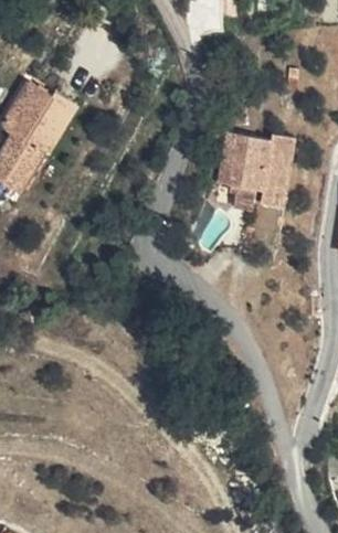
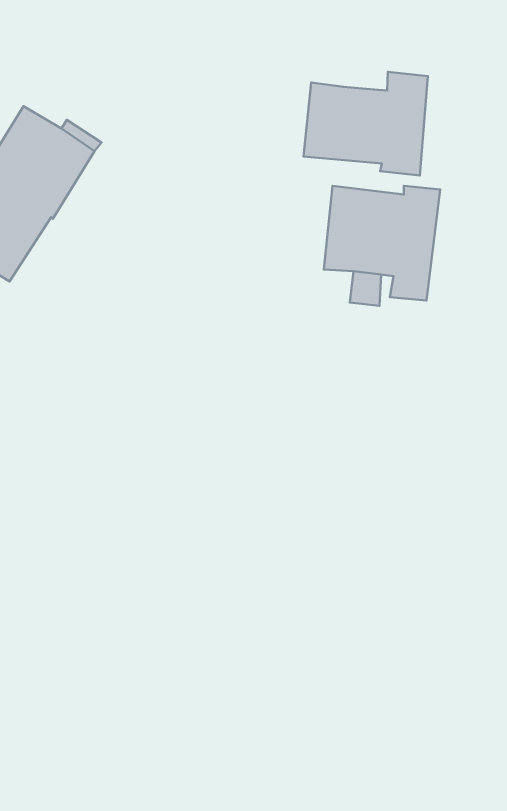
building: none -> [304,72,428,176]

